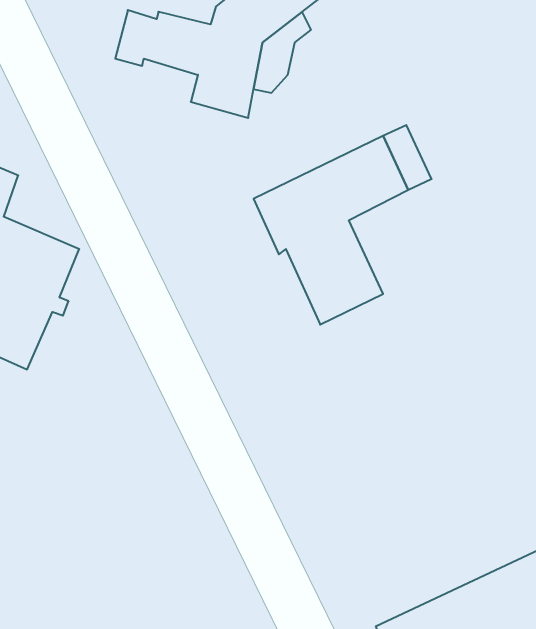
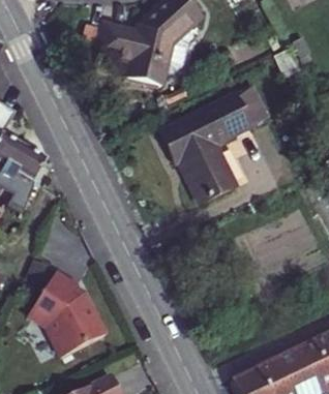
building: none -> [25,266,101,352]

